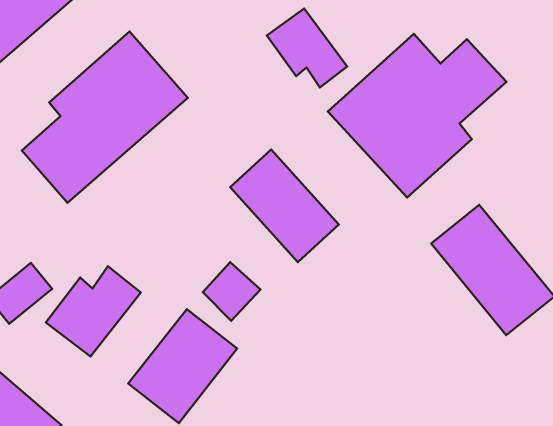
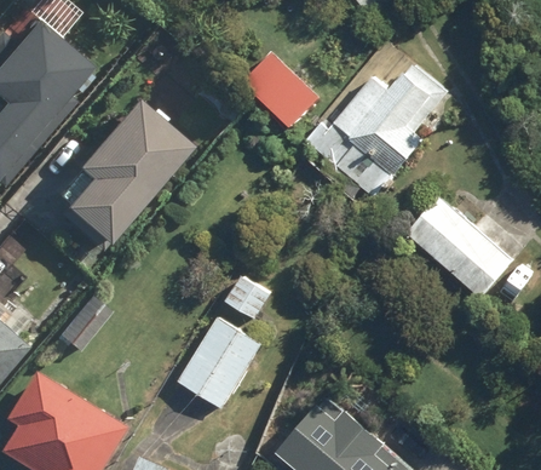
building: [230,150,339,262] -> none
building: [46,266,141,356] -> none

